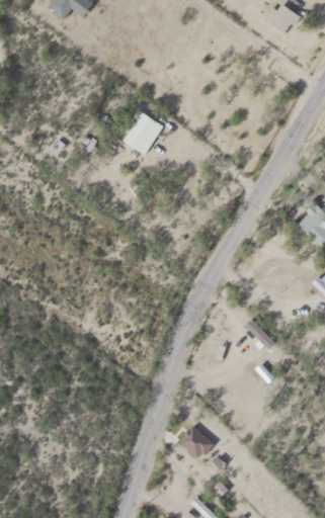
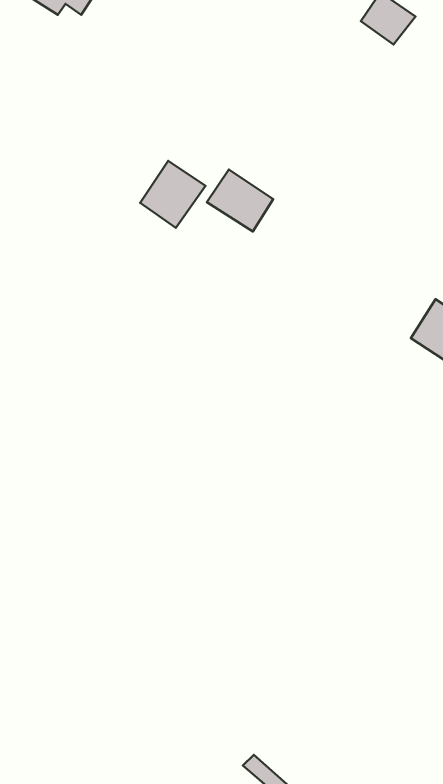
building: none -> [207,169,273,231]
building: [180,426,212,457] -> none

